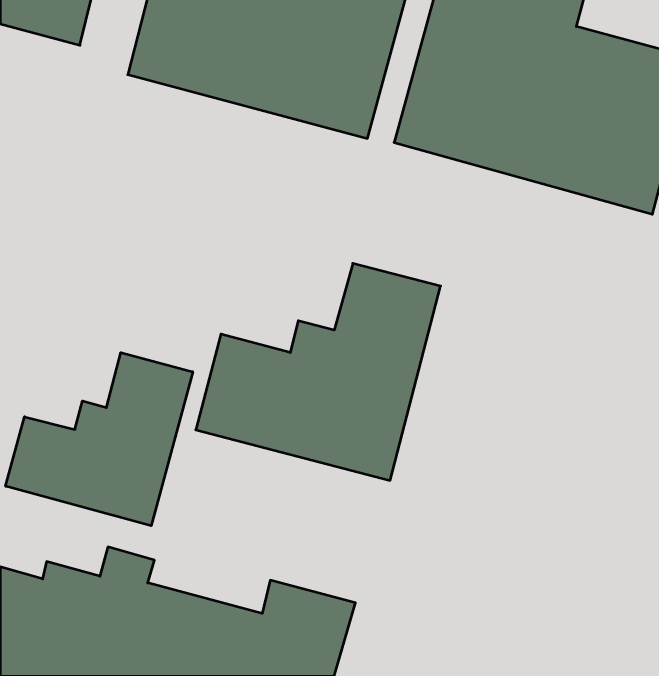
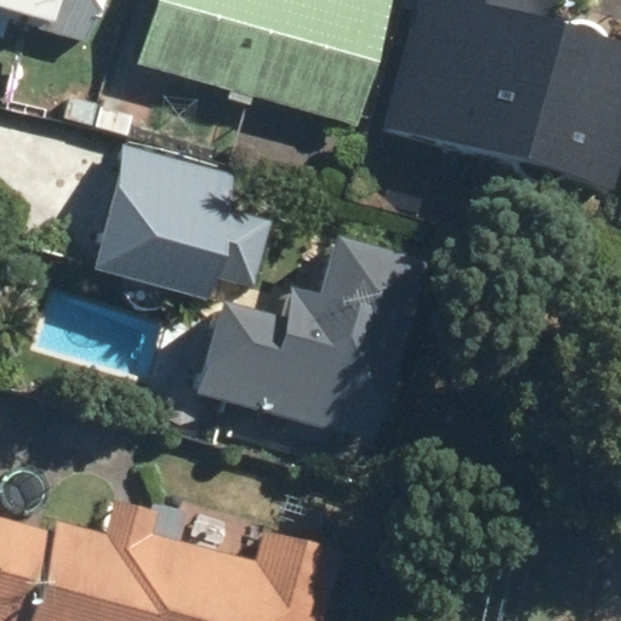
building: none -> [92,147,273,298]
building: [6,353,193,526] -> none

